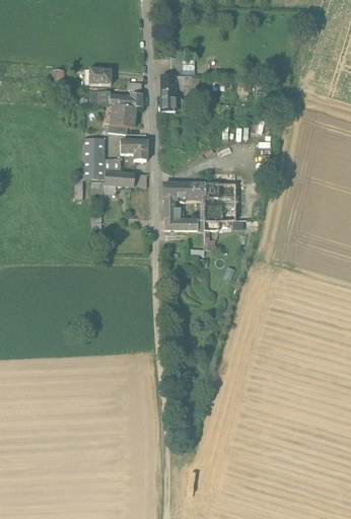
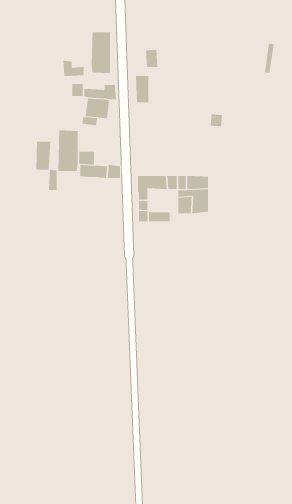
building: none -> [91,31,110,74]
building: [121,139,147,159] -> none
building: none -> [36,141,51,171]

